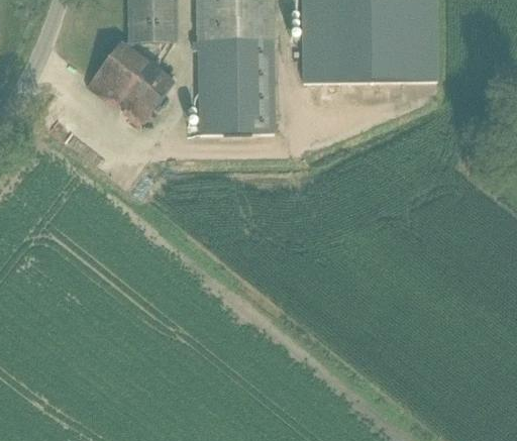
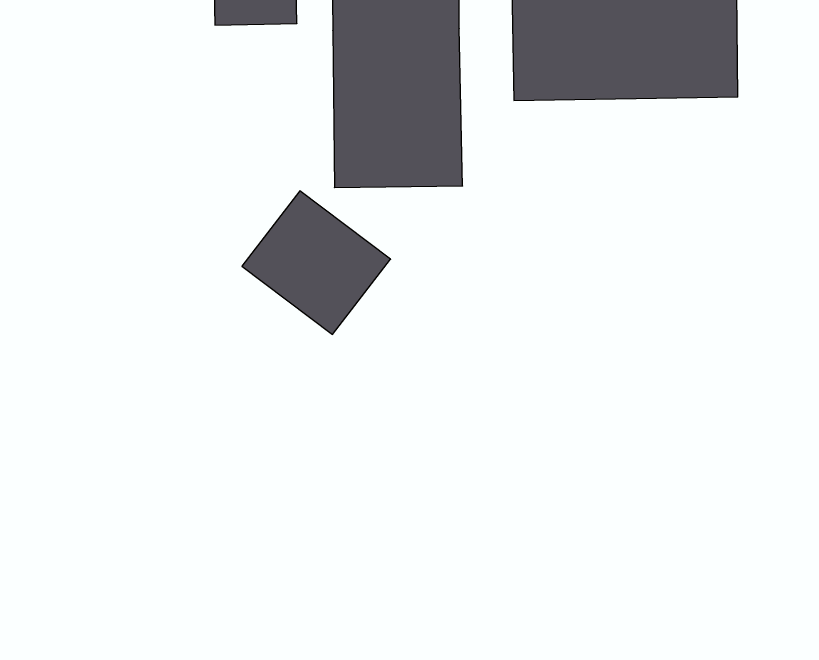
building: [87,41,175,126] -> [242,191,391,334]

